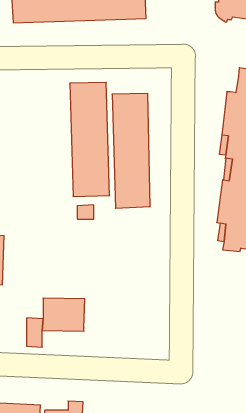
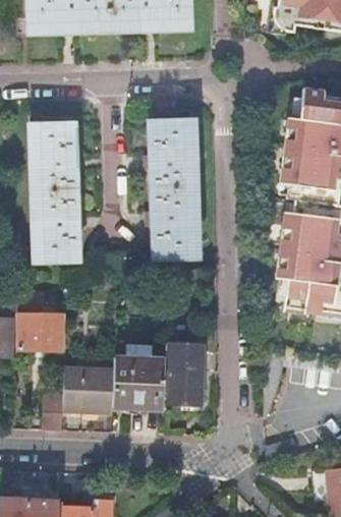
building: [70,82,110,196] -> [30,122,78,262]
building: none -> [17,315,63,351]
building: none -> [114,344,166,407]
building: none -> [171,353,204,401]

